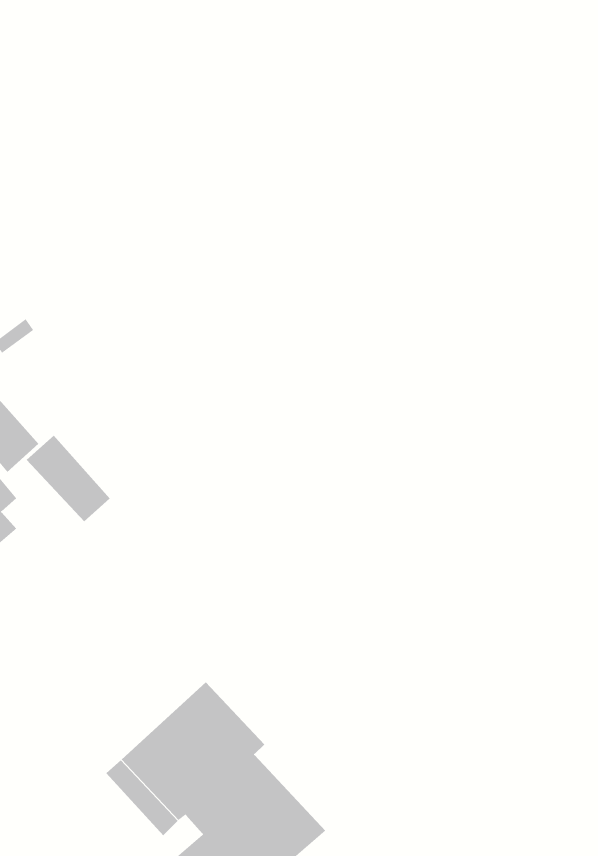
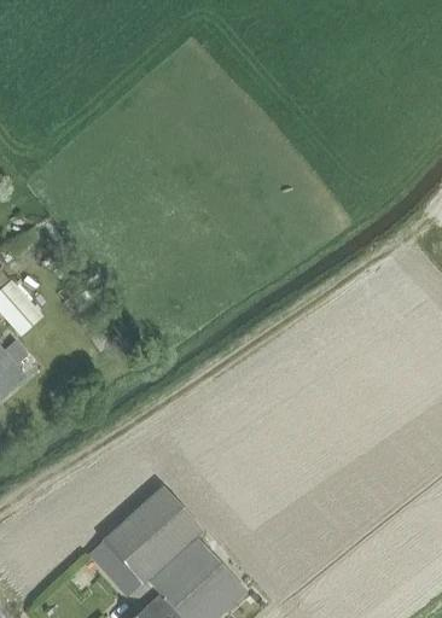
building: [26,435,111,522] -> none

